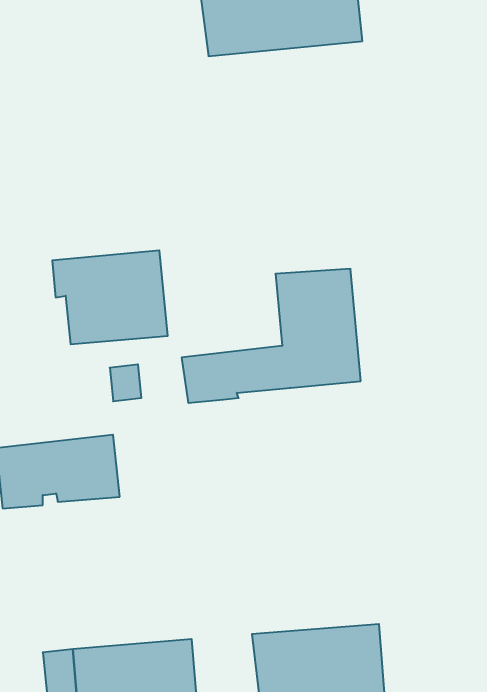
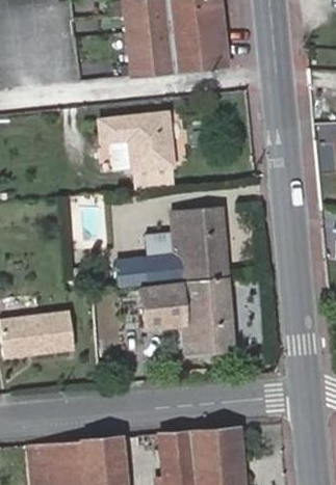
building: [52,250,168,344] -> [101,113,173,171]
building: none -> [143,277,236,353]

